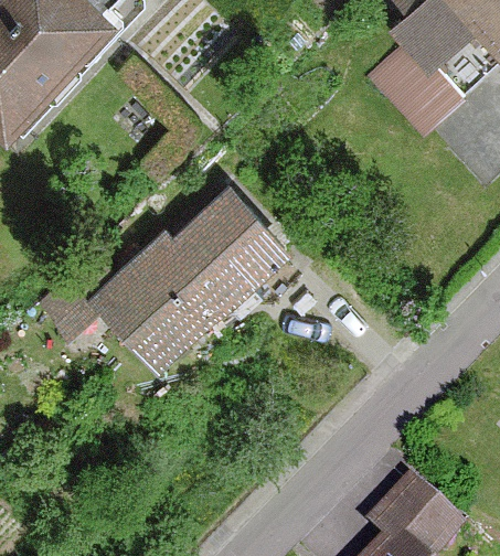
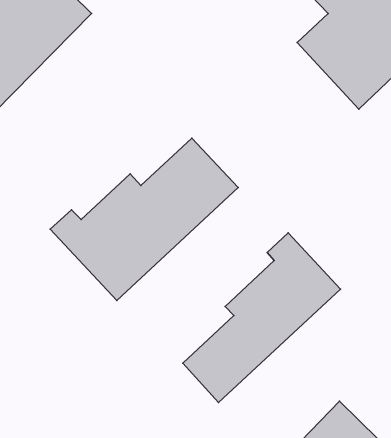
building: none -> [183,233,340,403]

